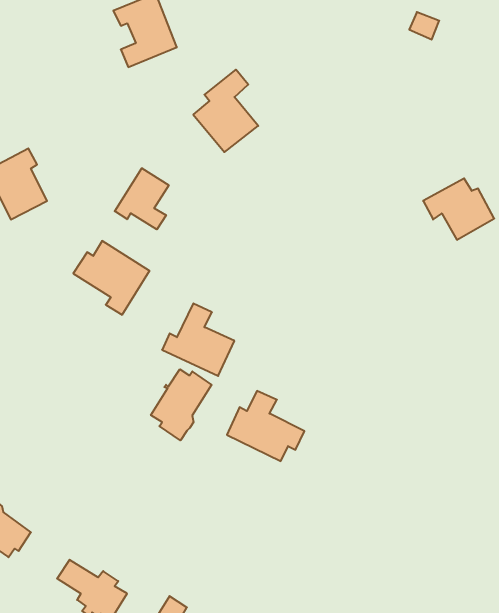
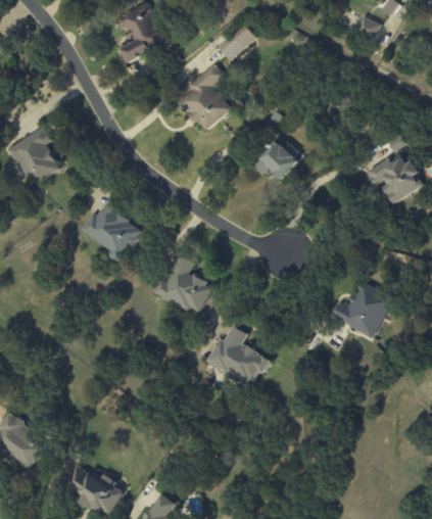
building: none -> [218,25,256,59]
building: none -> [254,140,302,179]
building: [115,168,169,229] -> none
building: none -> [331,280,393,337]
building: [151,369,212,440] -> none

